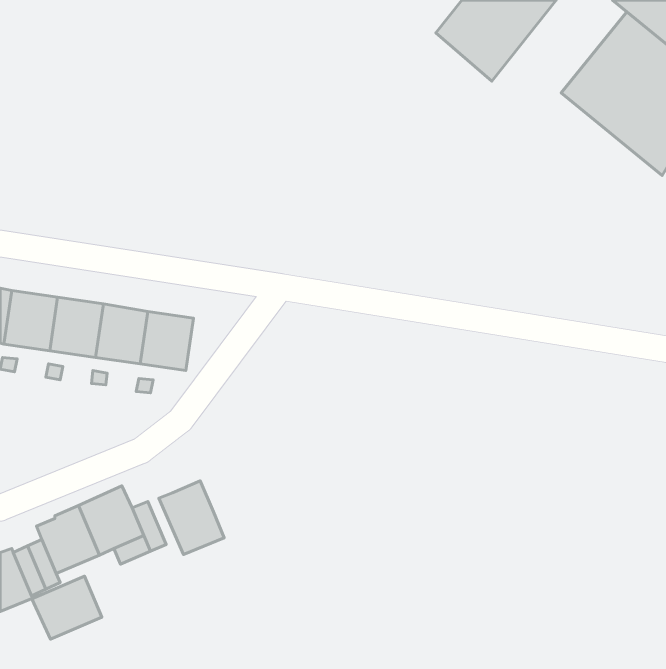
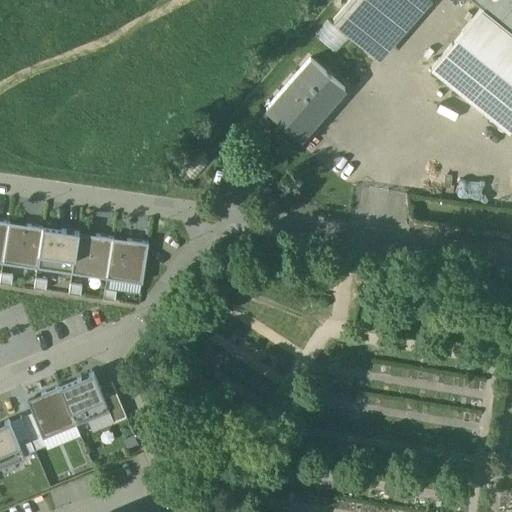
building: none -> [266,60,344,140]
building: [159,481,224,554] -> none
building: [32,576,102,639] -> none

